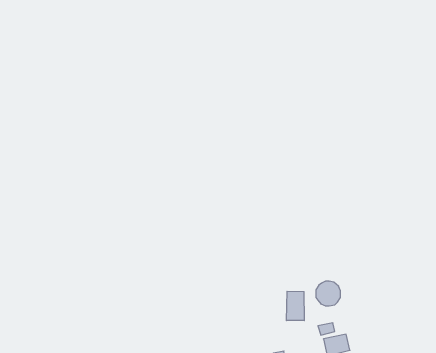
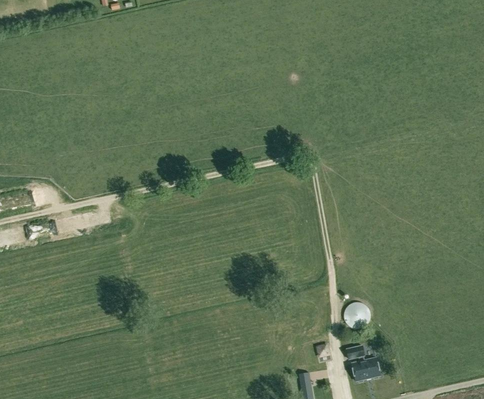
building: [286,291,304,321] -> none

